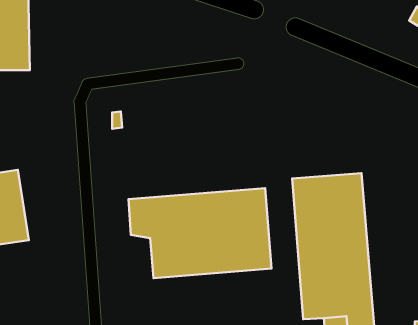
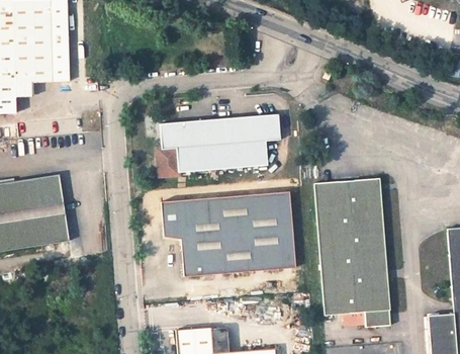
building: none -> [157,114,280,178]

